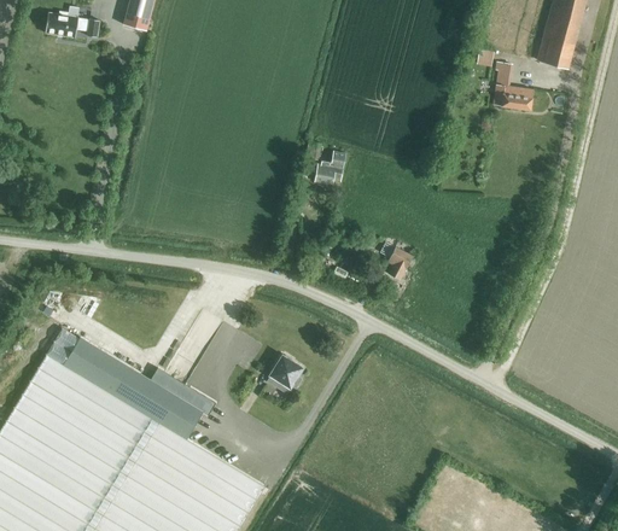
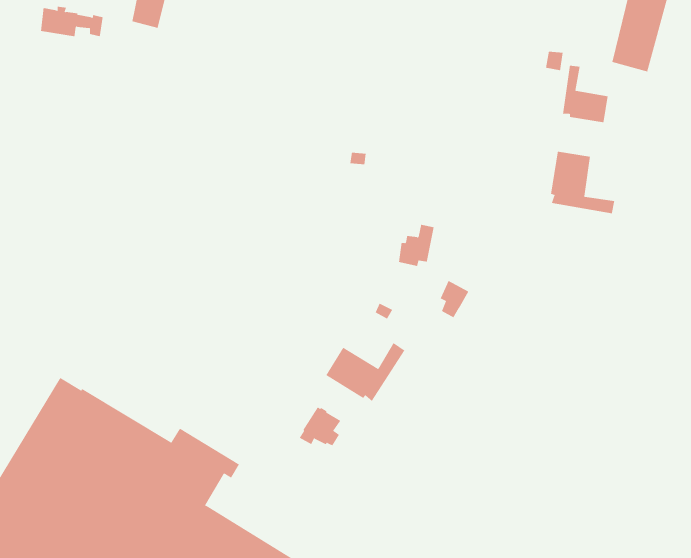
building: none -> [551,151,615,214]
building: [315,148,346,185] -> [398,224,435,266]
building: none -> [325,342,405,402]

